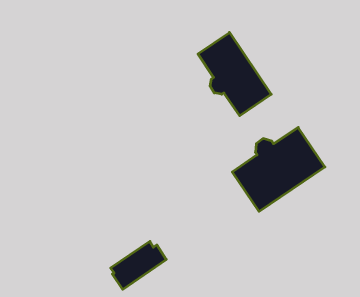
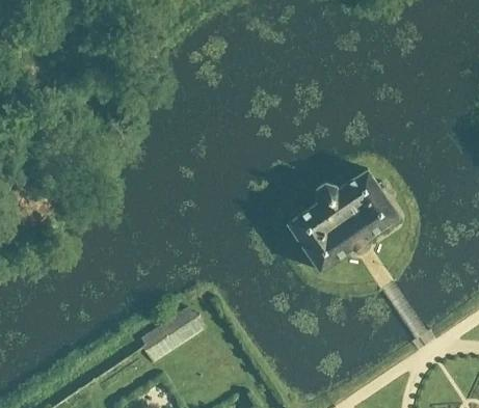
building: [198,32,271,116] -> none

